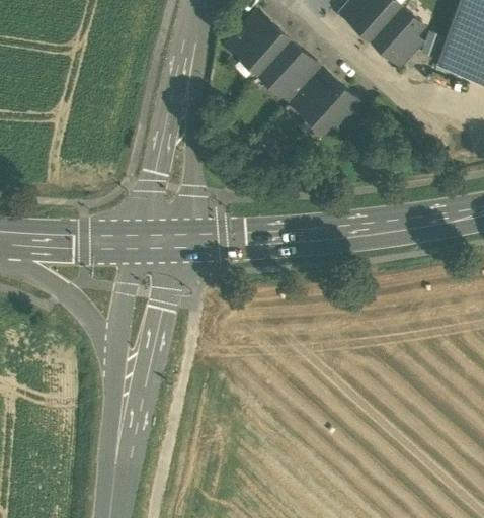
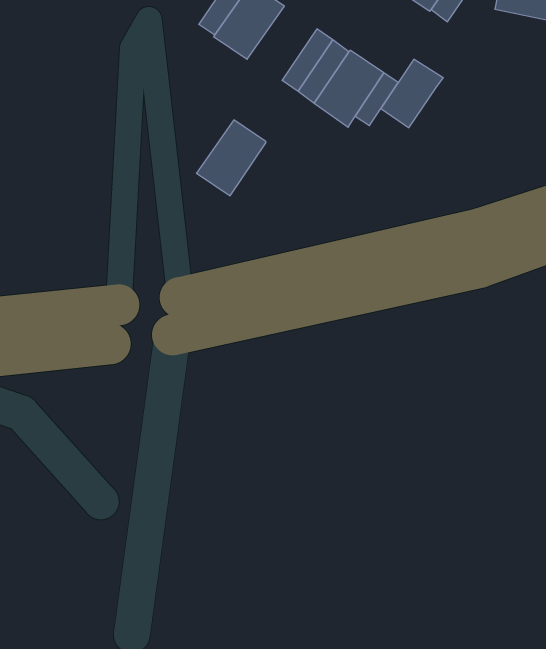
building: [258,40,310,93] -> [196,120,266,196]
building: none -> [381,59,443,128]

